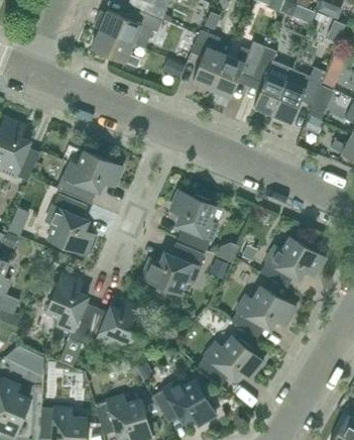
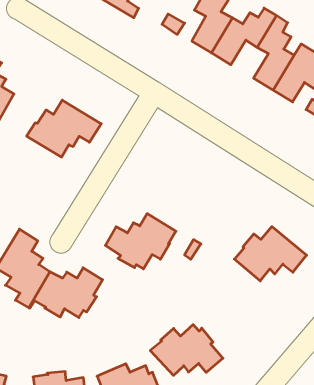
building: [170,191,218,250] -> none
building: [46,194,94,253] -> none
building: [231,287,296,336] -> none

